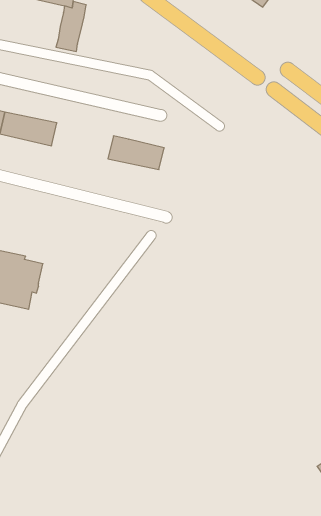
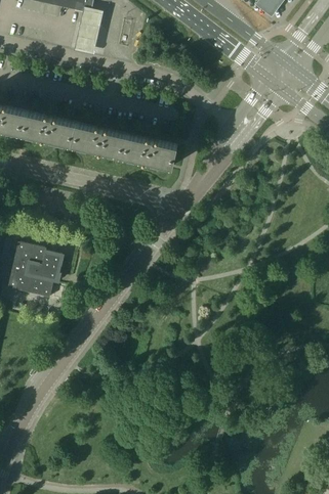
building: none -> [71,122,129,155]

